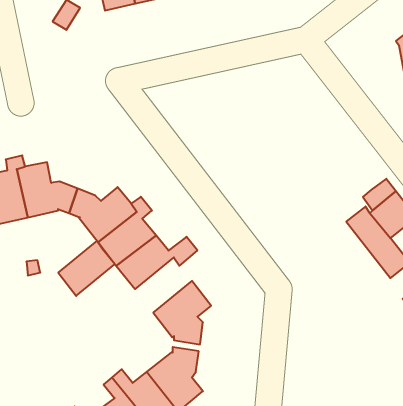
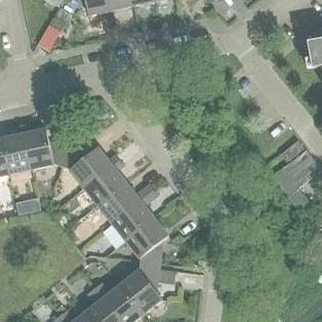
building: [58,241,115,296] -> [111,199,153,240]

